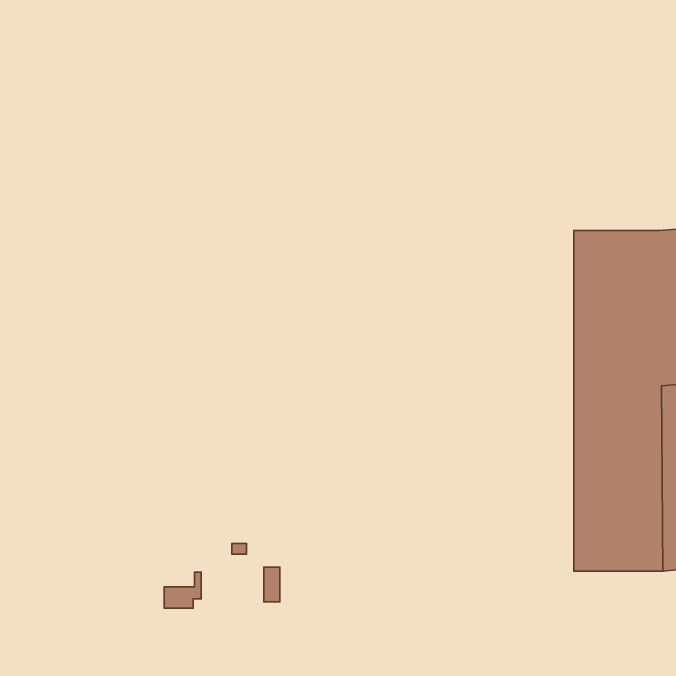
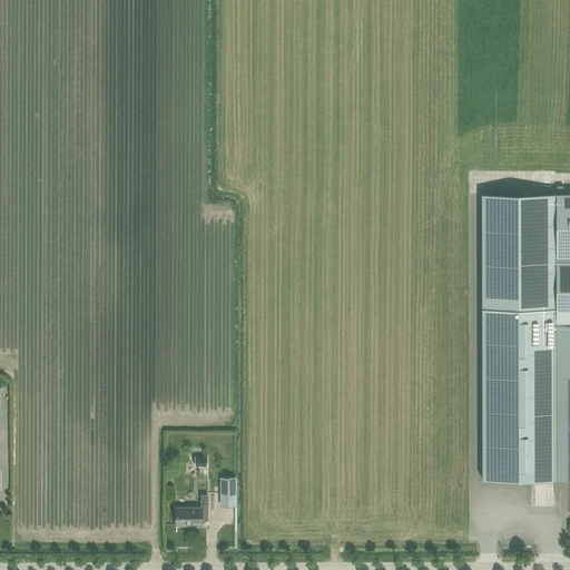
building: [164,572,201,608] -> [177,497,208,527]

